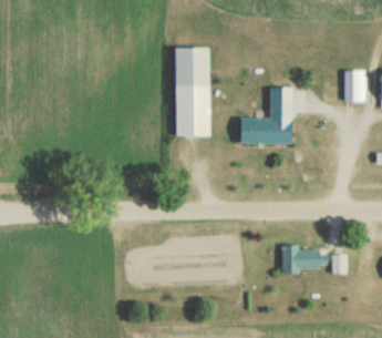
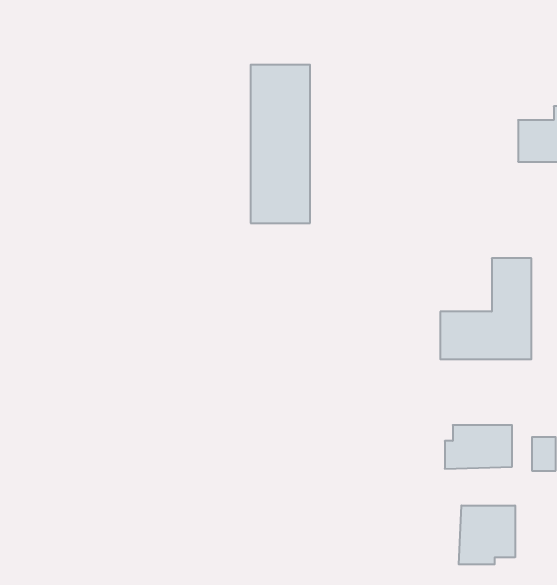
building: [241,88,292,144] -> [440,258,531,359]
building: none -> [459,505,515,564]

